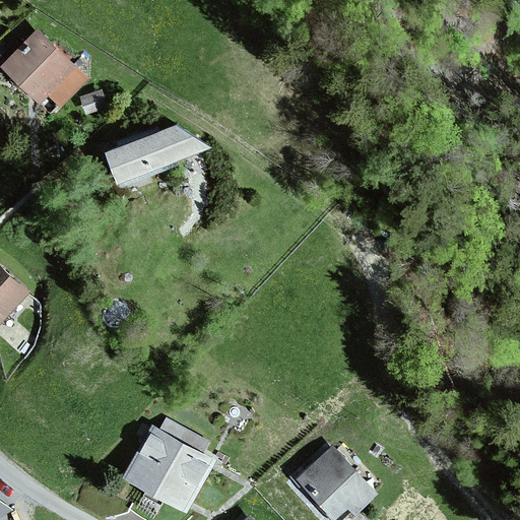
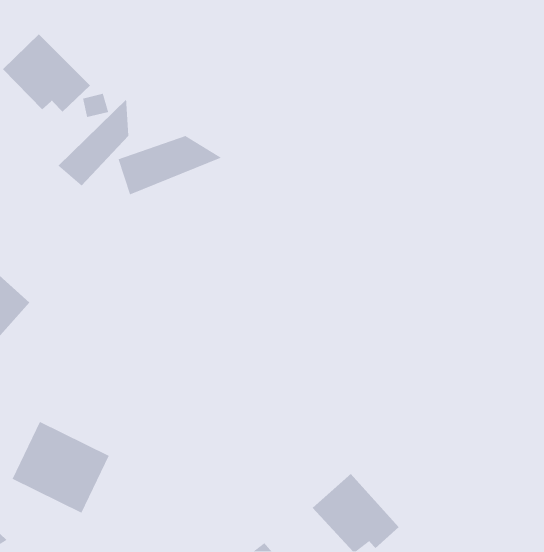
building: none -> [57,98,129,186]
building: [122,425,214,512] -> [12,421,110,514]

